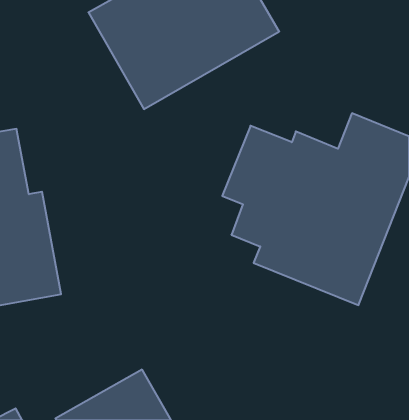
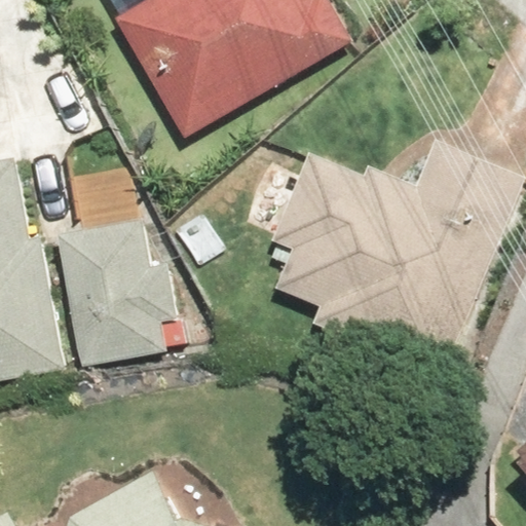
building: none -> [52,221,187,366]

